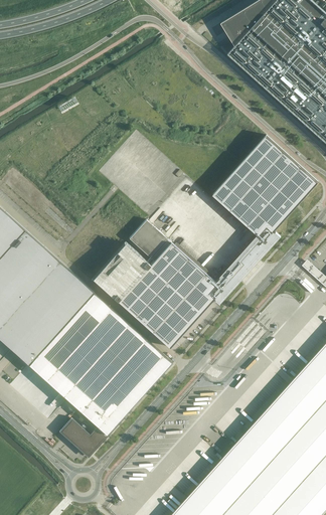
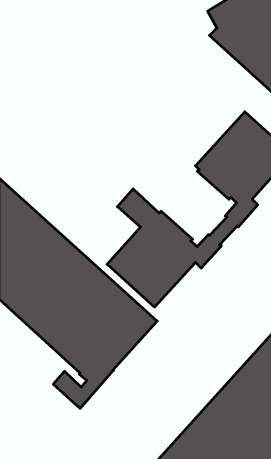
building: [93,241,150,301] -> none

